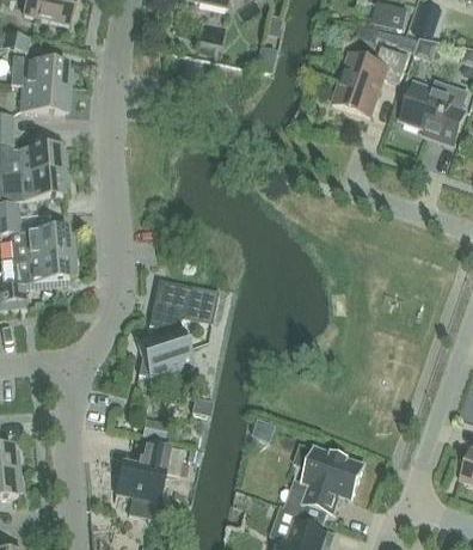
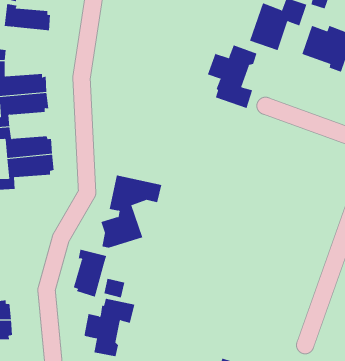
building: [19,84,69,114] -> none
building: none -> [207,44,257,109]
building: none -> [73,249,107,297]
building: [295,444,364,513] -> none

